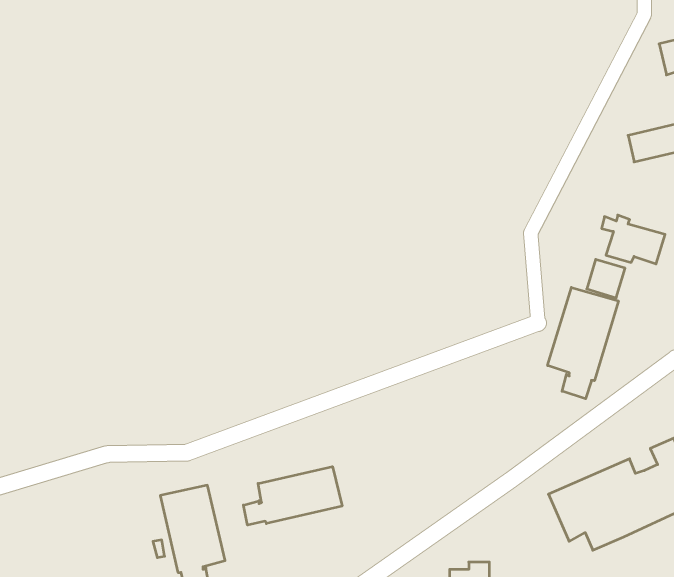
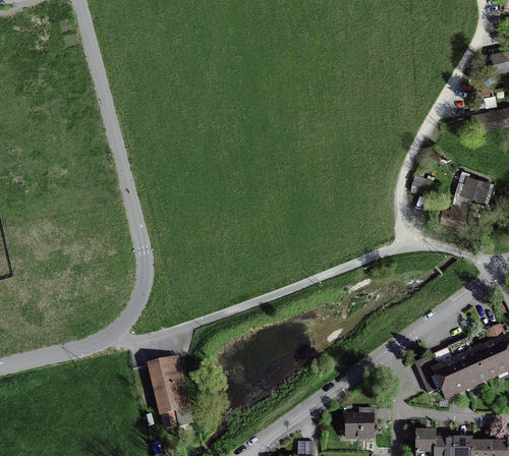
building: [548,287,618,399] -> none
building: [243,467,342,525] -> none

